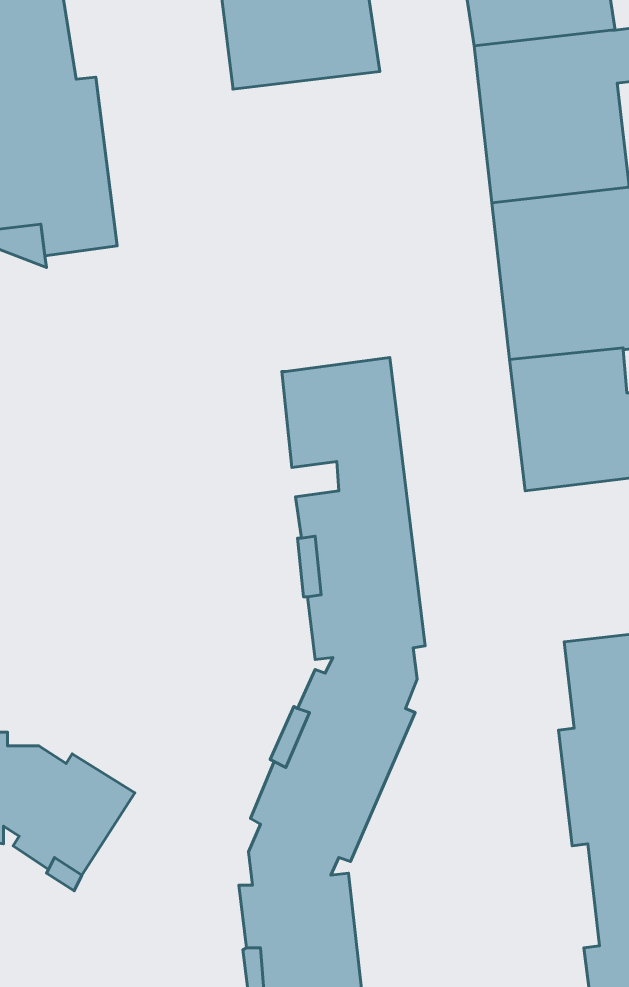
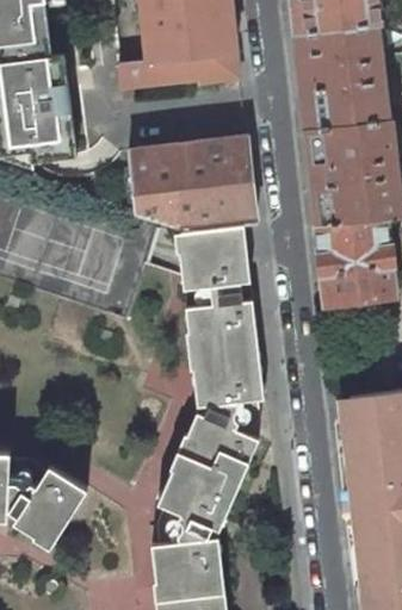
building: none -> [117,49,239,88]
building: none -> [126,133,260,231]

